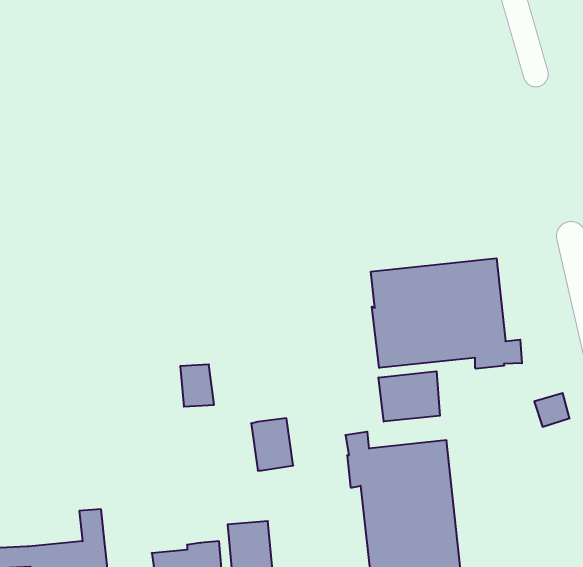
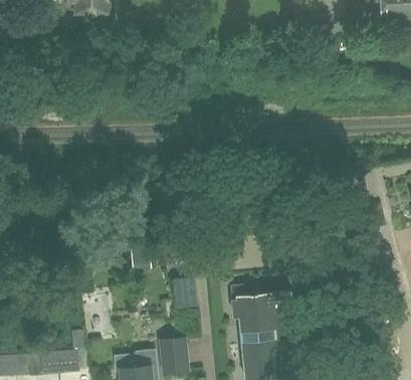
building: [371,258,522,369] -> none
building: [379,371,440,422] -> none

